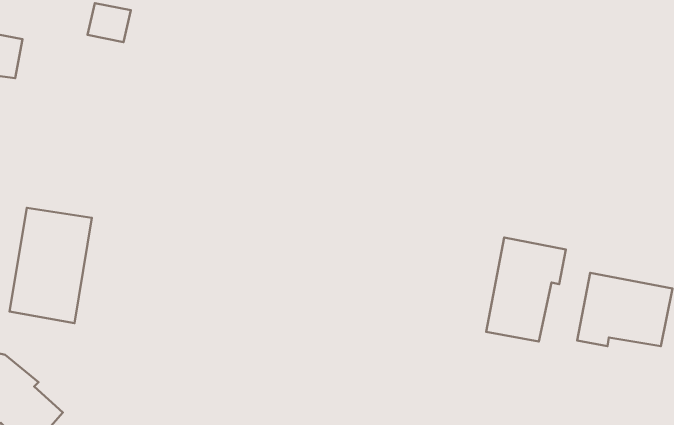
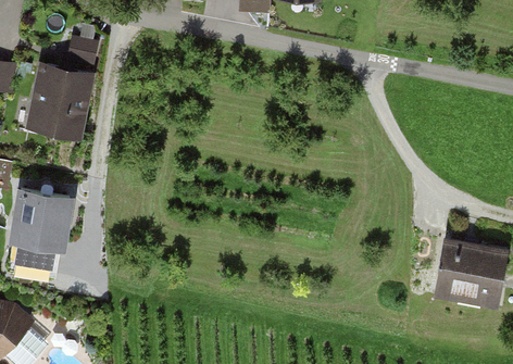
building: none -> [25,62,97,142]
building: [486,238,566,341] -> none

